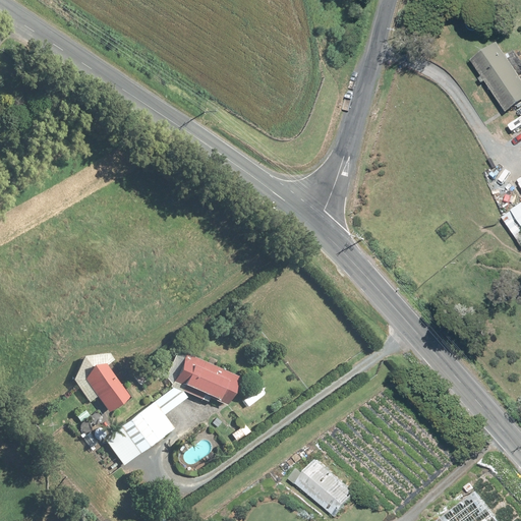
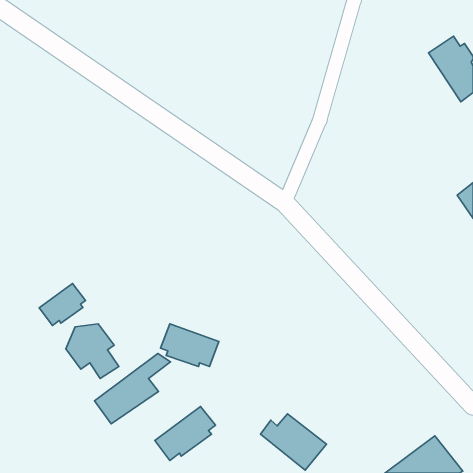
building: none -> [39,284,85,325]
building: none -> [155,406,215,460]

